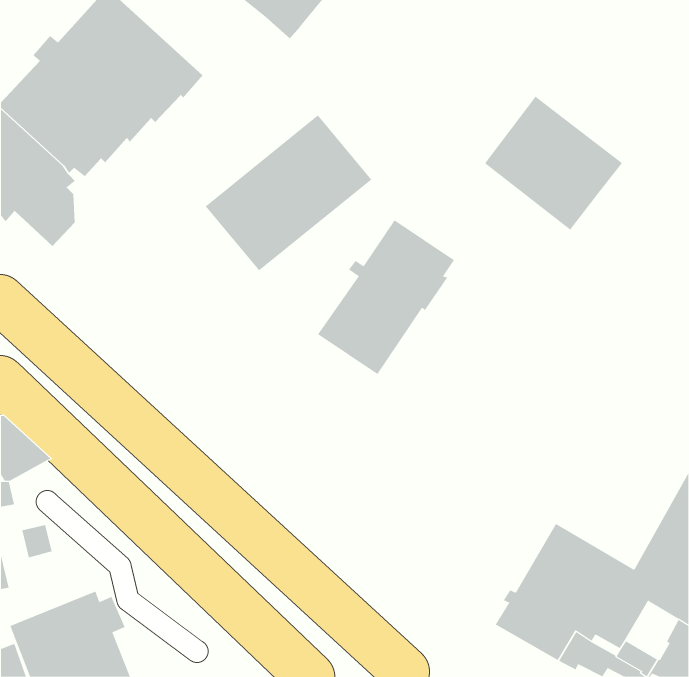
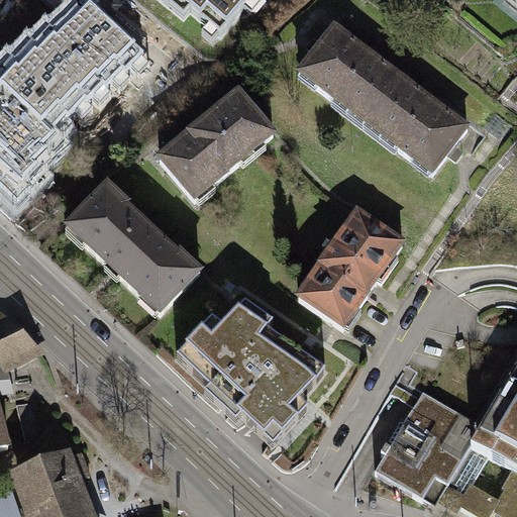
building: none -> [296,21,401,122]
building: [317,220,455,375] -> [299,207,402,323]
building: none -> [64,181,201,314]
building: none -> [179,302,326,439]

